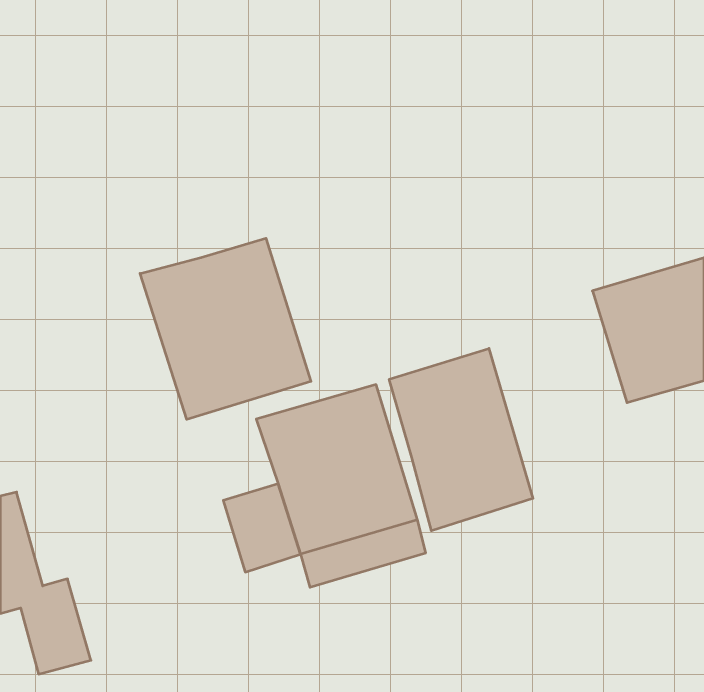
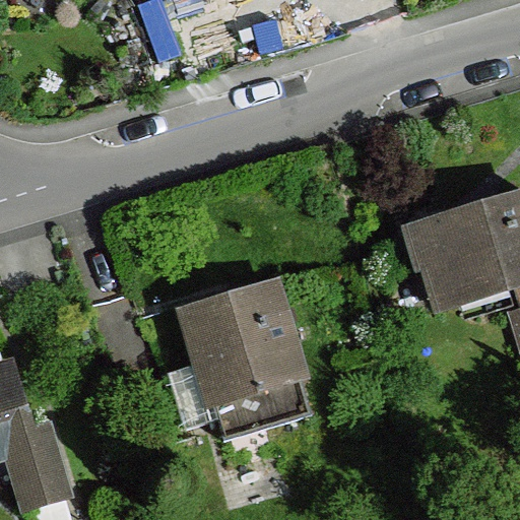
building: [140,238,311,419] -> none
building: [389,348,533,531] -> none

